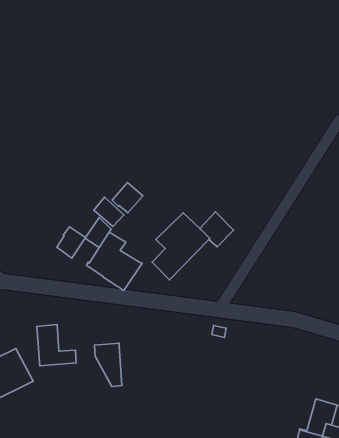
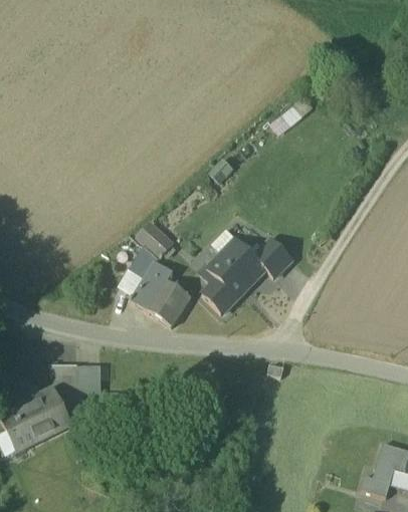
building: [112,183,143,213] -> none
building: [57,227,85,258] -> none
building: [94,343,122,386] -> [48,360,78,408]

